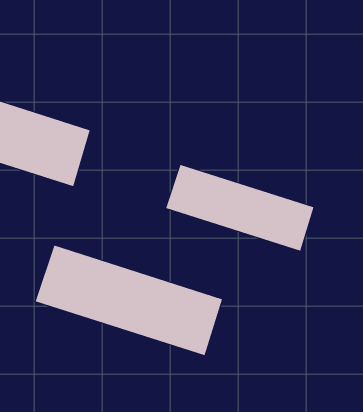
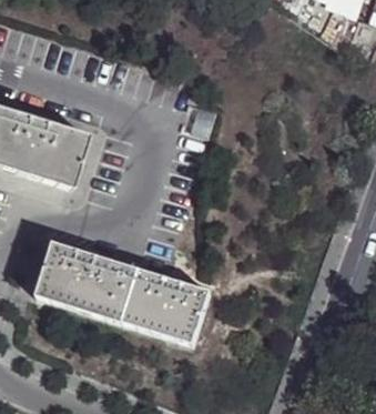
building: [166,164,314,252] -> none

